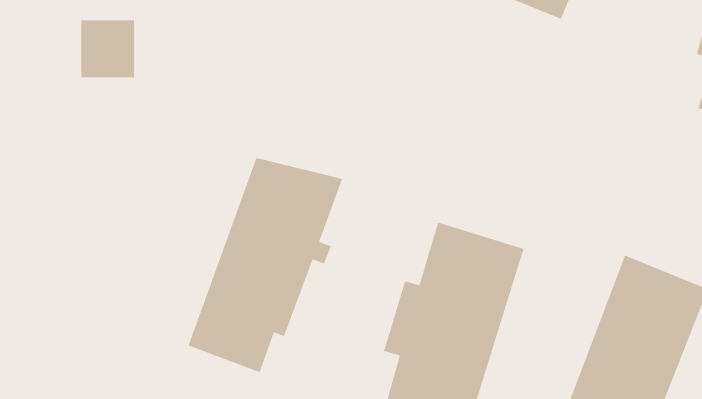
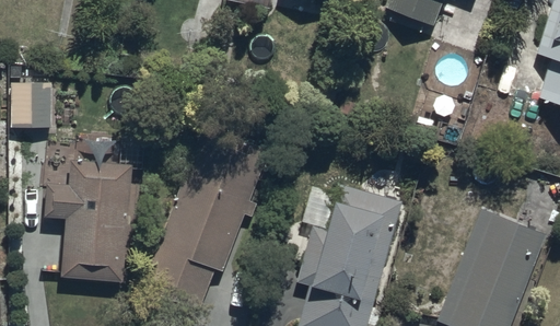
building: [80,20,135,78] -> [11,82,52,127]
building: none -> [44,160,135,283]

